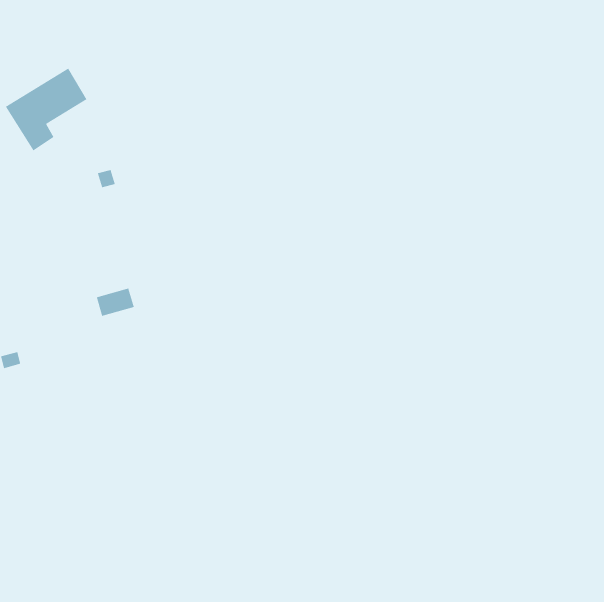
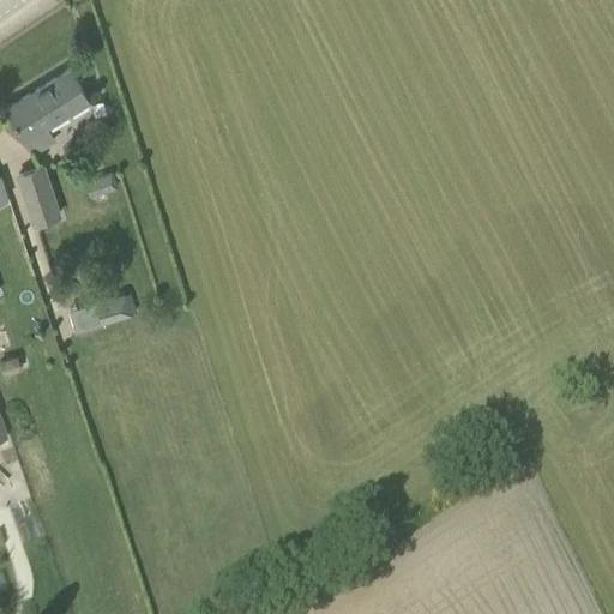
building: none -> [14,167,61,228]

